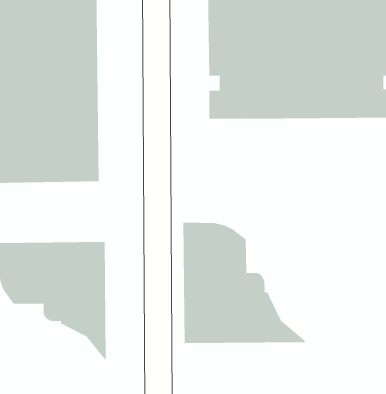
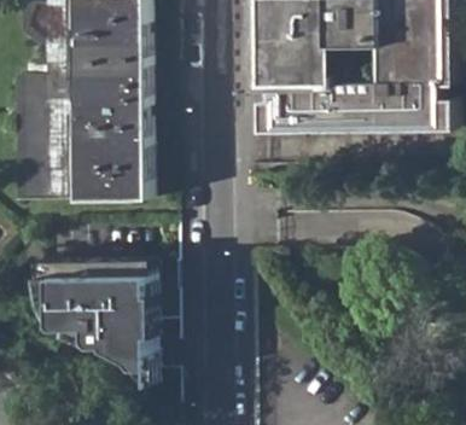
building: [183,222,305,344] -> none

